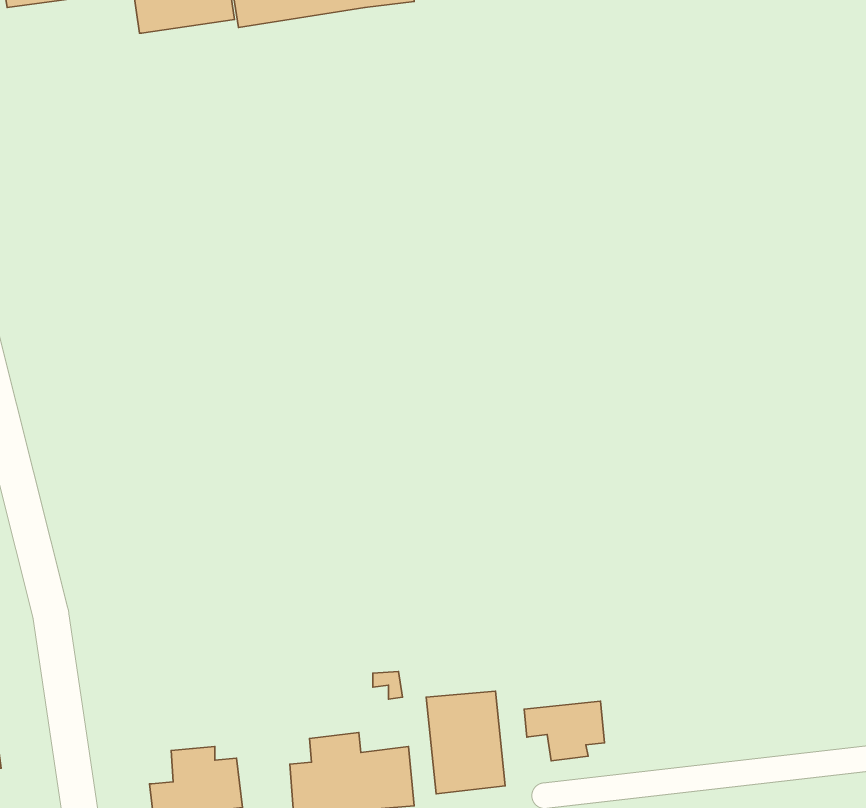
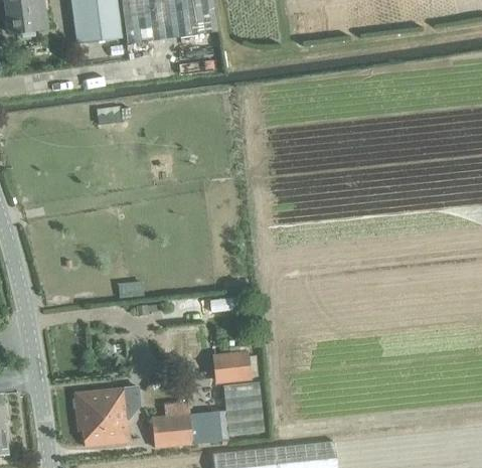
building: none -> [214,352,249,380]
building: none -> [74,386,127,430]
building: [524,701,604,761] -> none

